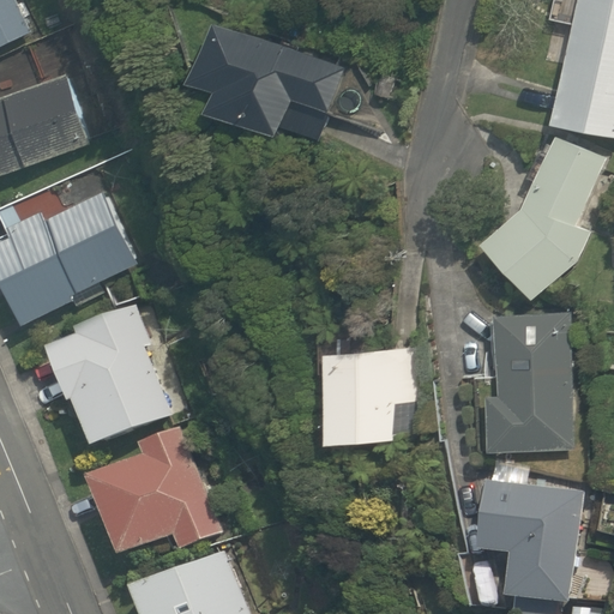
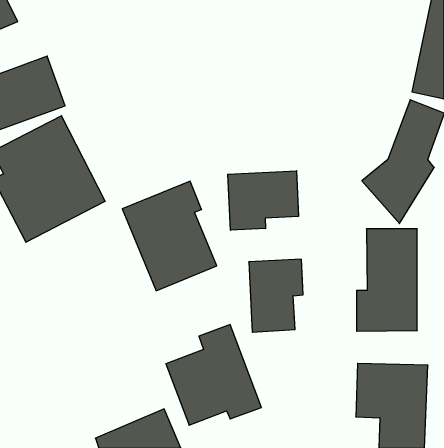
building: [201,23,342,136] -> none
building: none -> [228,171,298,230]
building: [43,306,170,453] -> [122,181,217,291]
building: [90,428,218,564] -> [166,325,261,425]

